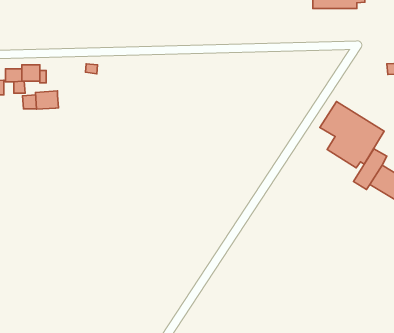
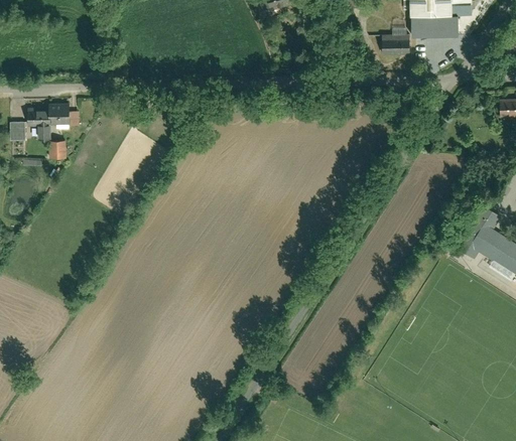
building: none -> [383,36,411,53]
building: [36,91,58,109] -> none
building: [320,101,384,168] -> none

